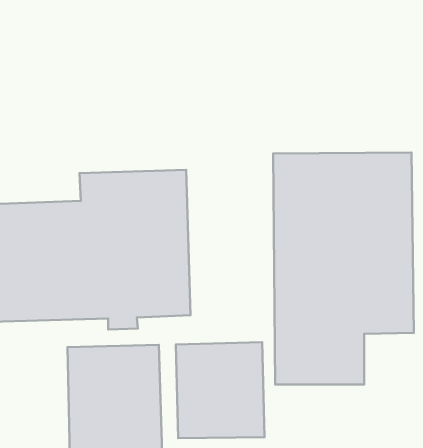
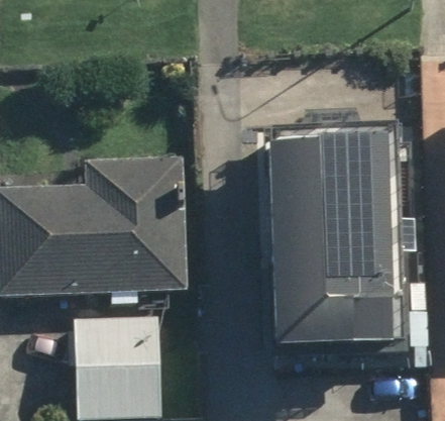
building: [176,342,264,438] -> none

